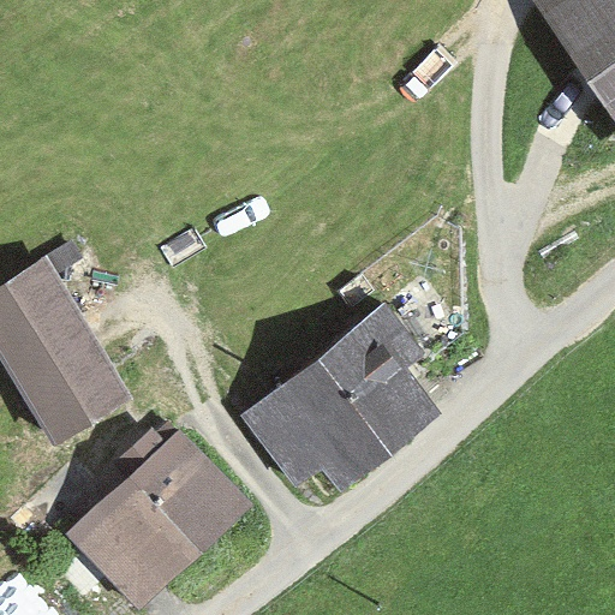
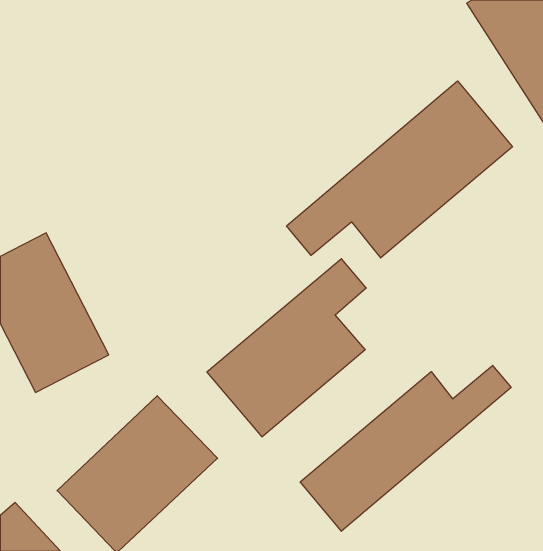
building: none -> [287,81,512,258]
building: none -> [300,365,511,531]

